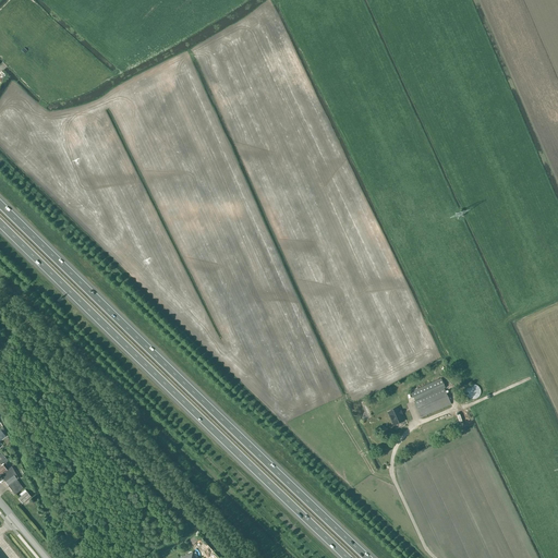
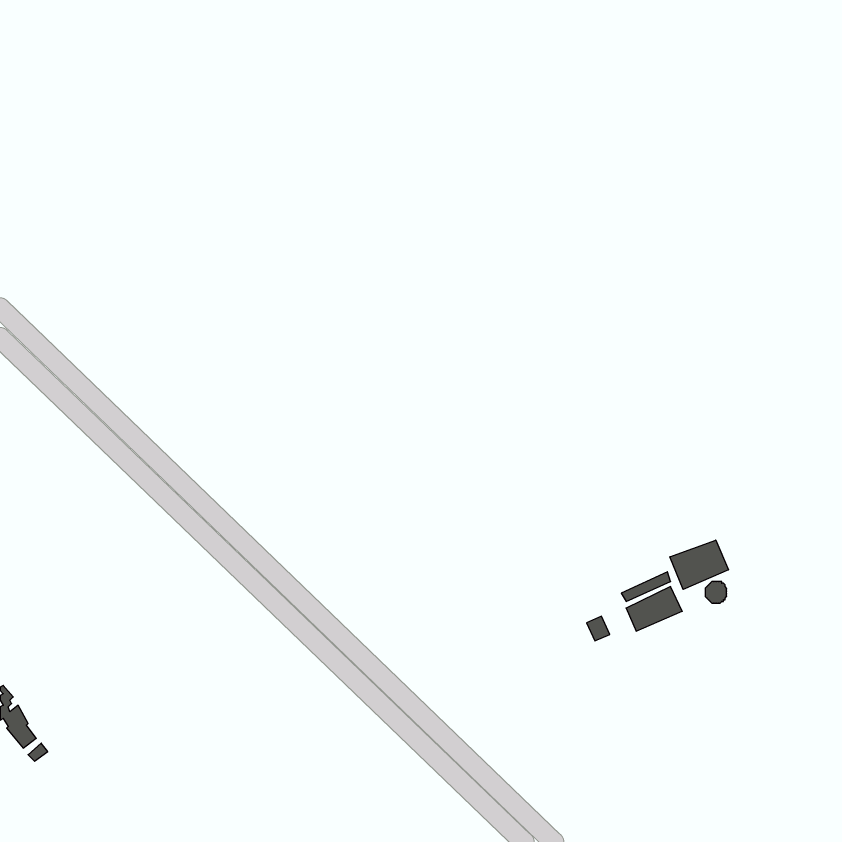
building: none -> [670,540,728,589]

